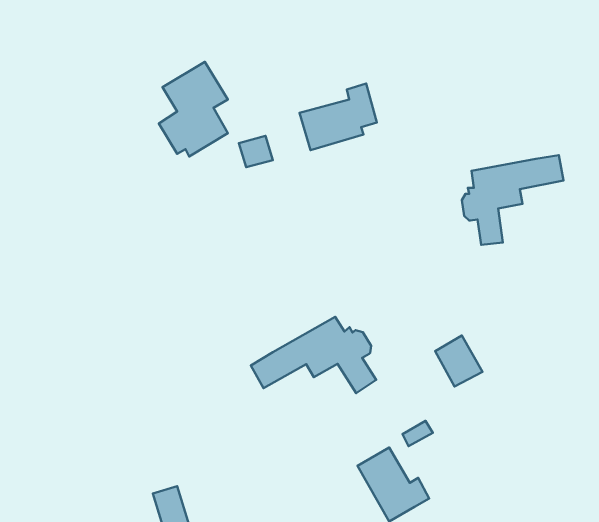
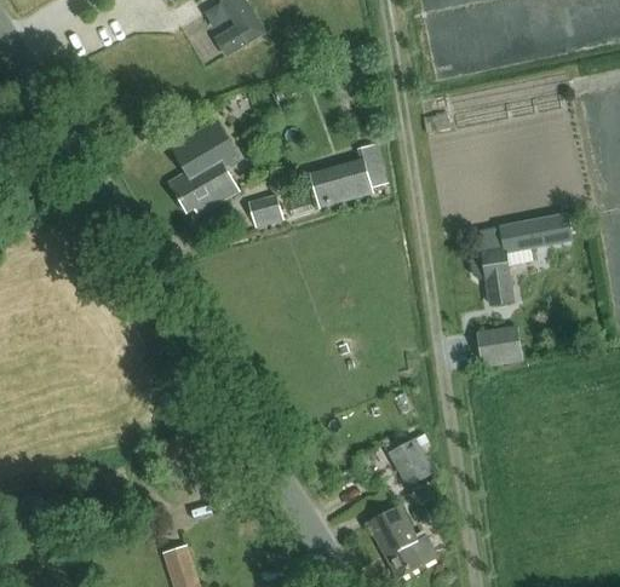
building: none -> [477,326,522,366]
building: [251,317,376,393] -> none
building: [435,336,482,386] -> [388,437,435,488]

